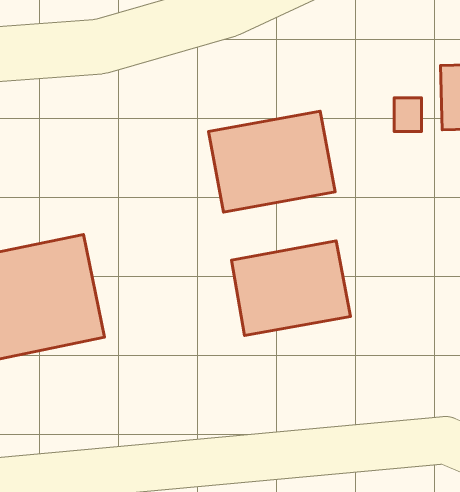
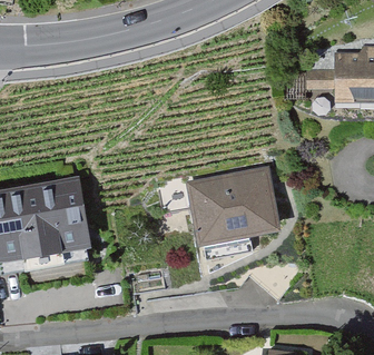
building: [208,111,335,212] -> none

